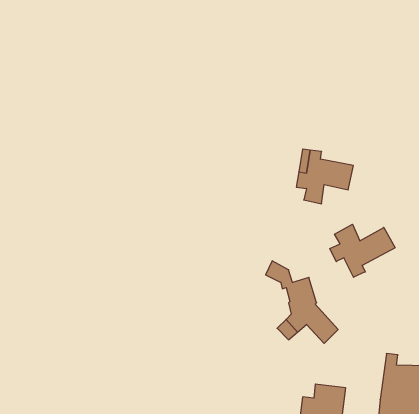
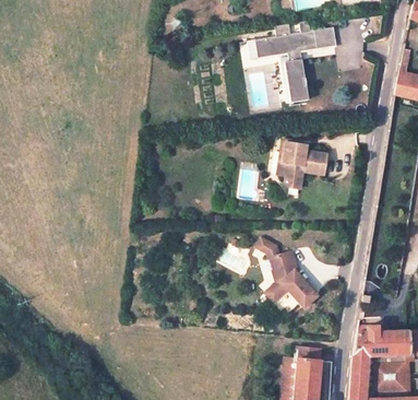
building: none -> [258,24,337,105]
building: [330,224,395,277] -> none

